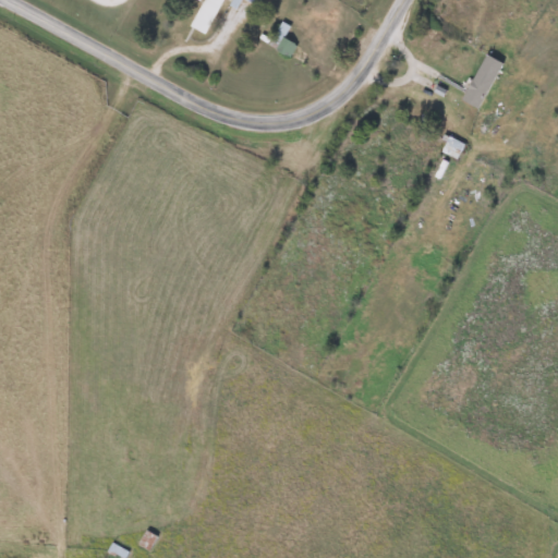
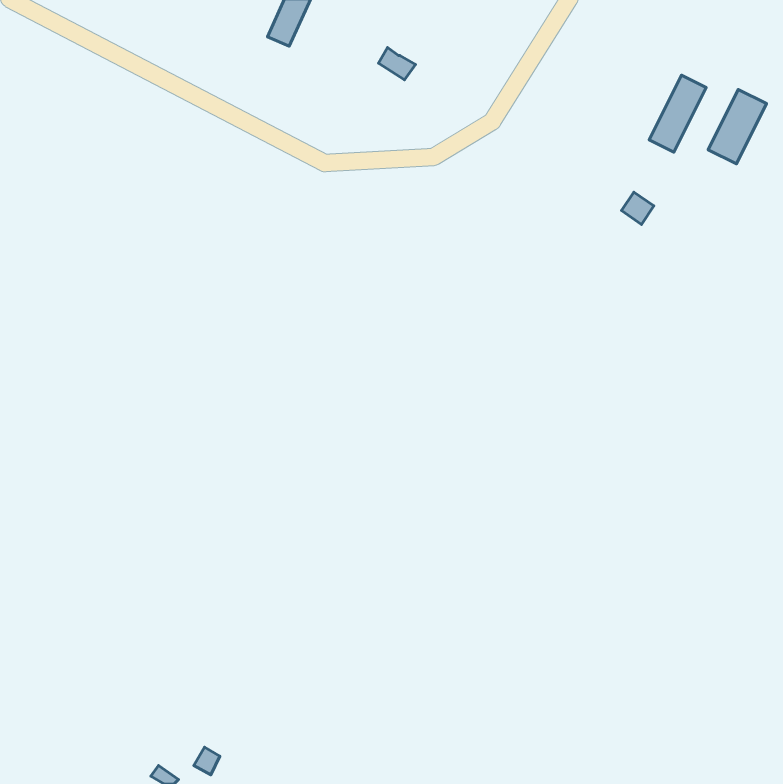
building: none -> [708,89,767,164]

